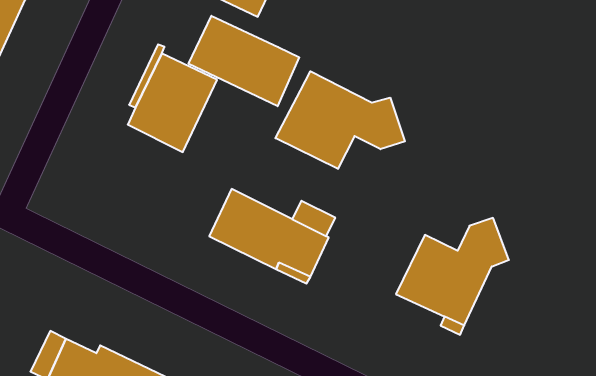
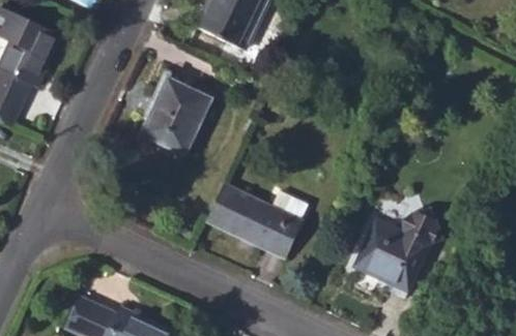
building: [189,16,299,106] -> none
building: [275,71,405,169] -> none

